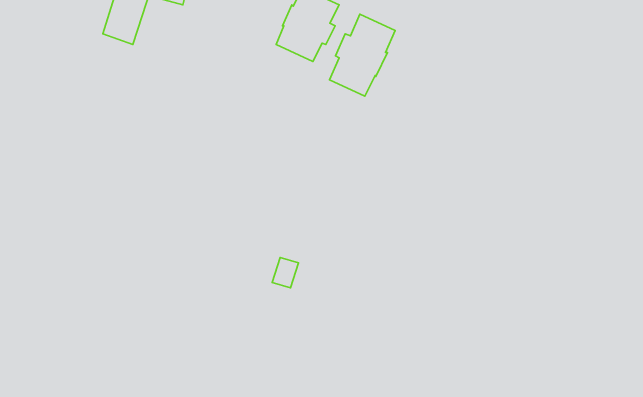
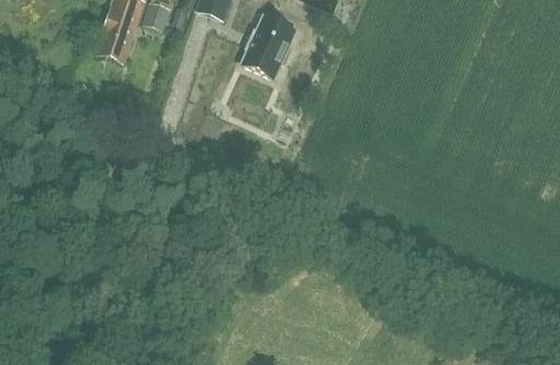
building: [329,14,395,96] -> none

